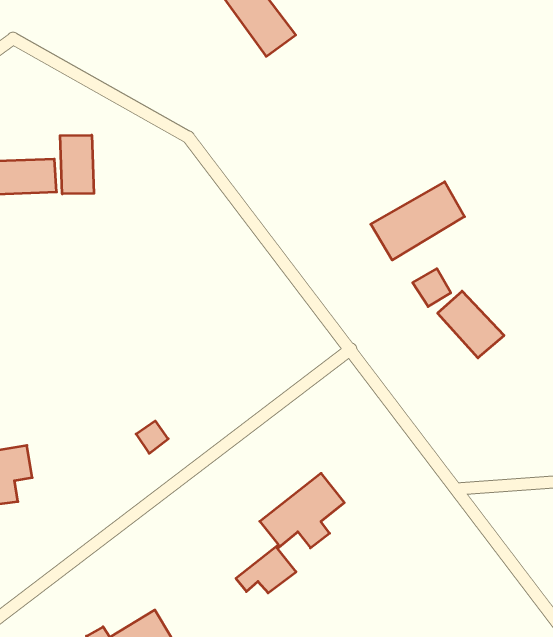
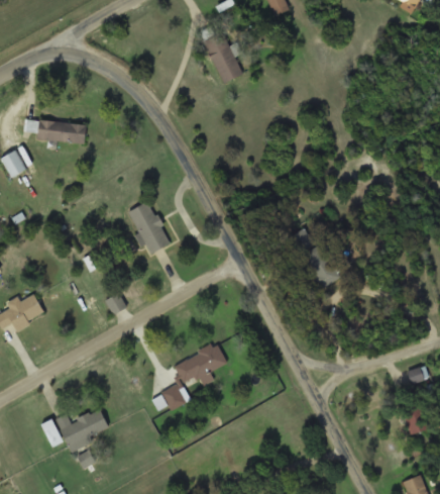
building: [60,135,94,194] -> none
building: [371,182,465,260] -> none
building: none -> [129,202,171,255]

